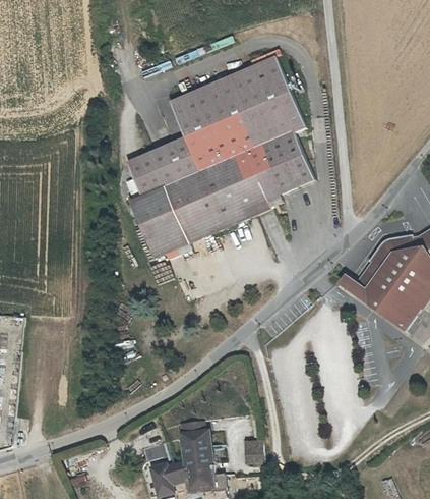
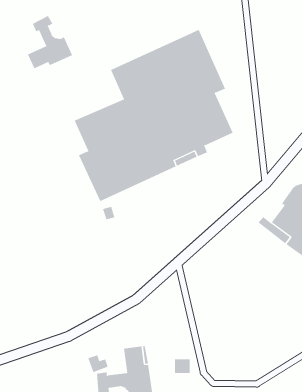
building: none -> [27,15,73,69]

